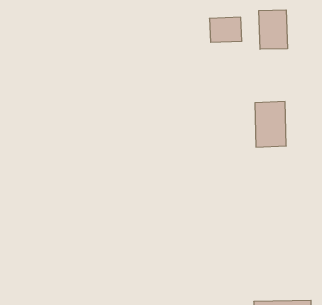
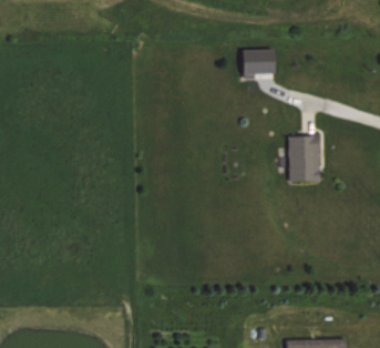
building: [259,10,287,49] -> none

